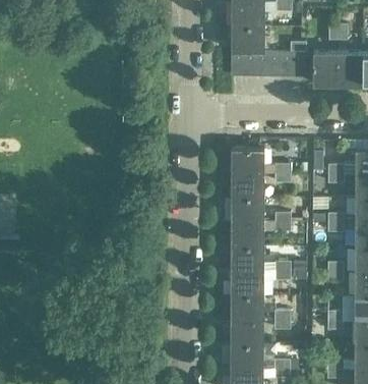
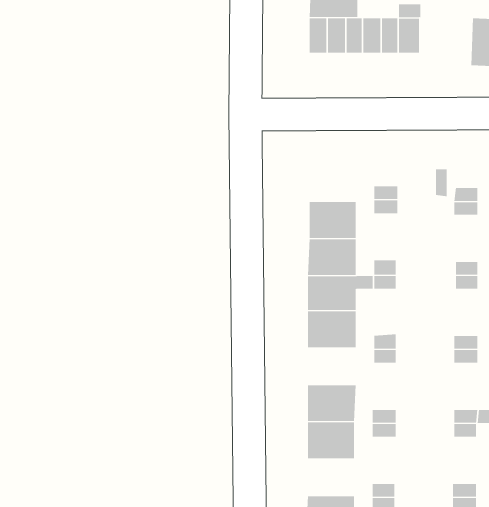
building: [313,52,339,84] -> none
building: [231,148,262,173] -> none
building: [230,270,262,294] -> none
building: [230,343,261,368] -> none

